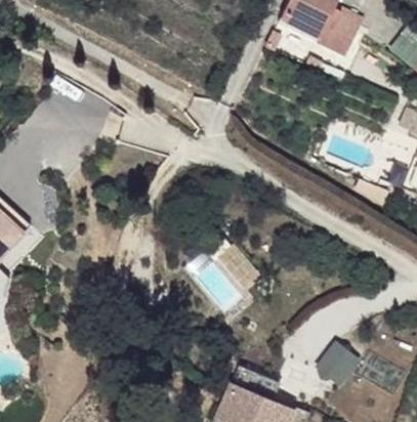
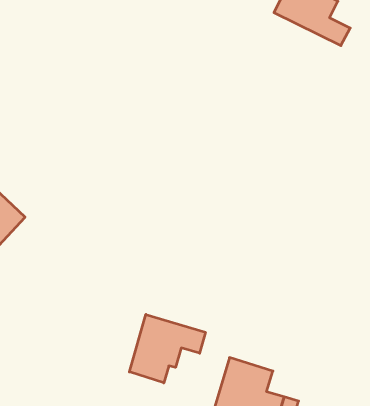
building: none -> [129,314,205,383]
building: [315,340,360,385] -> none

